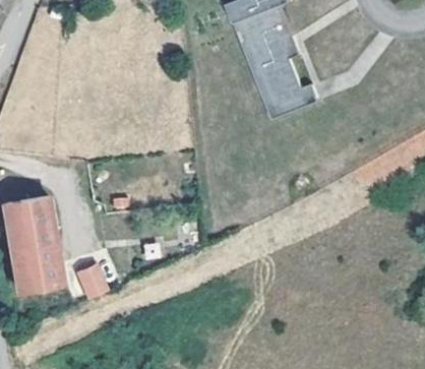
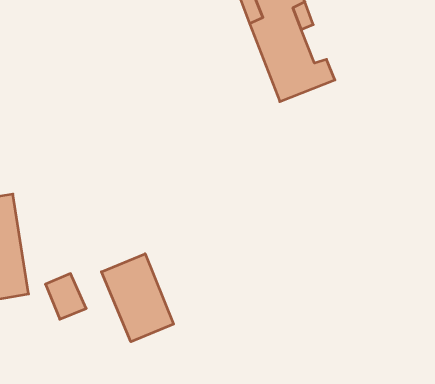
building: none -> [101,254,174,342]

